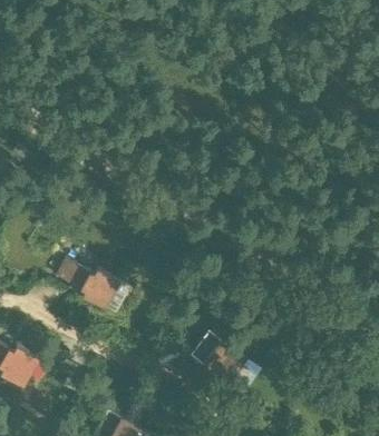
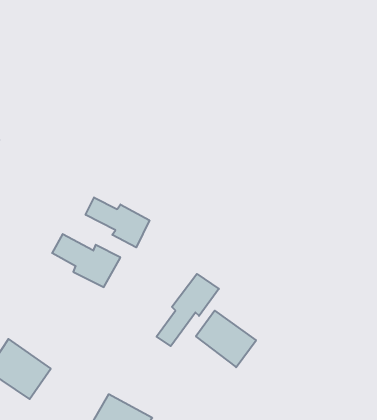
building: none -> [86,197,149,247]
building: none -> [157,274,219,346]

